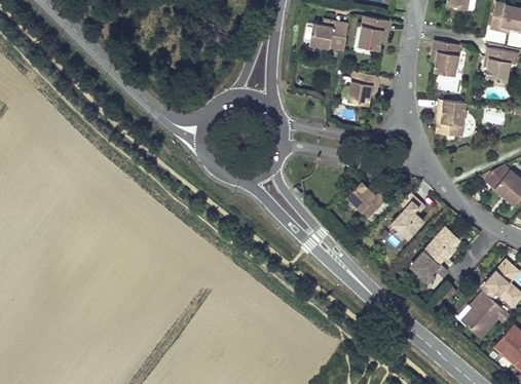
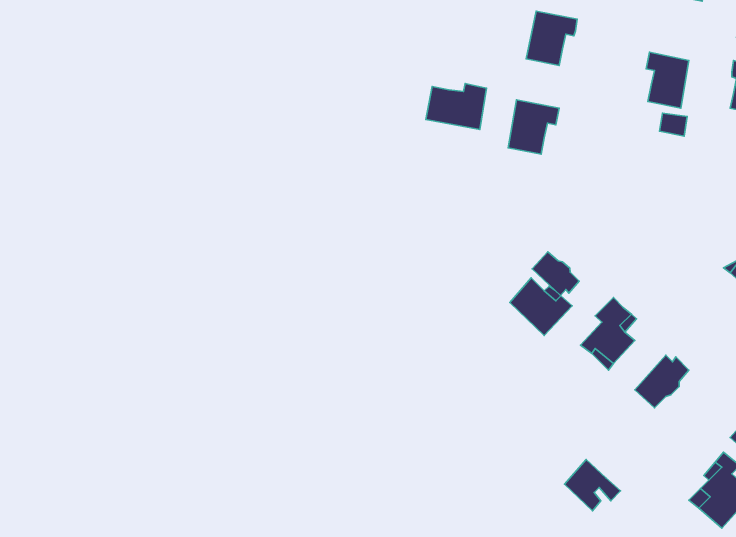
building: [309,23,347,51] -> [426,83,487,129]
building: [436,101,467,137] -> none
building: none -> [532,252,579,295]
building: [412,253,447,284] -> [565,460,621,511]

